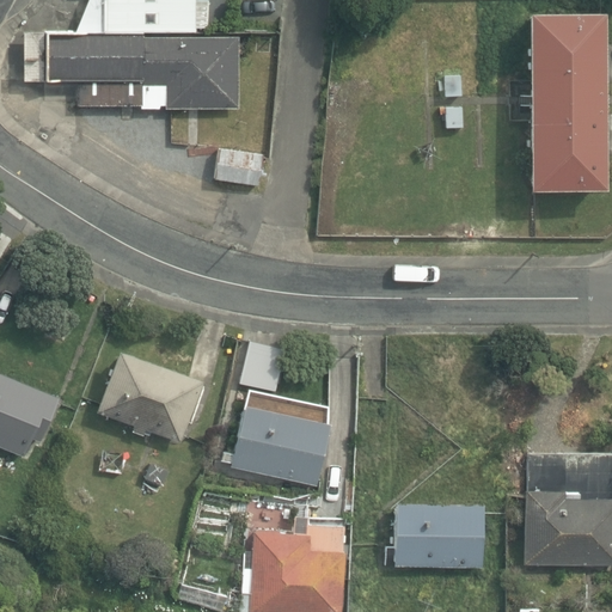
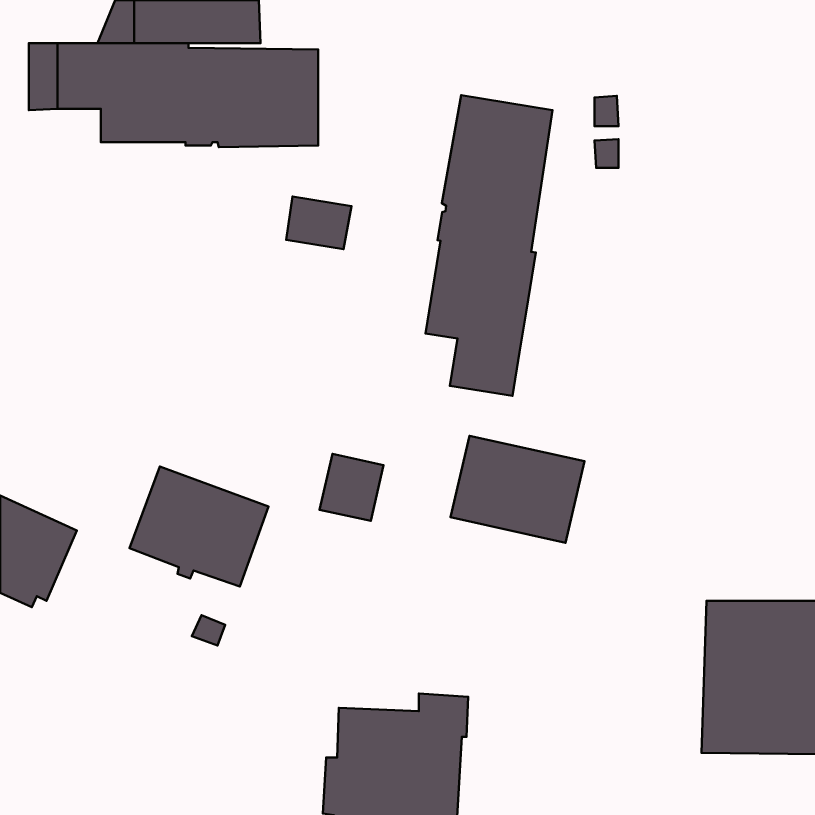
building: [528,12,606,189] -> none
building: none -> [426,95,553,396]
building: [231,404,331,484] -> [450,436,585,543]
building: [396,502,484,567] -> none

